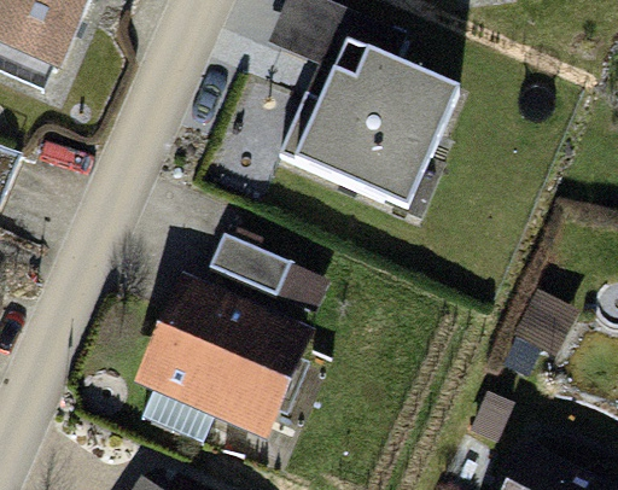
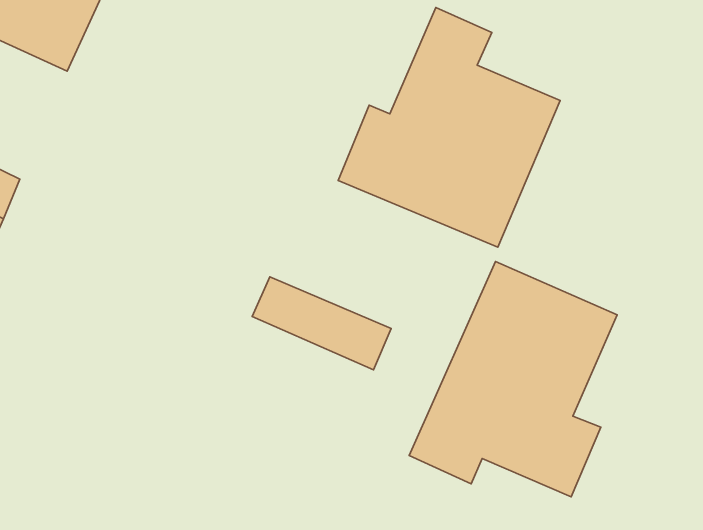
building: none -> [409,261,617,497]
building: [147,293,301,432] -> none

